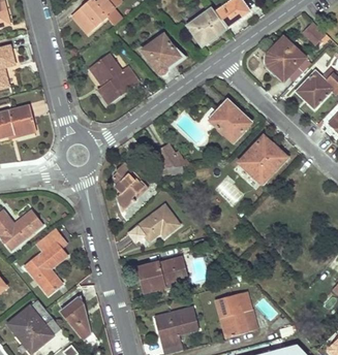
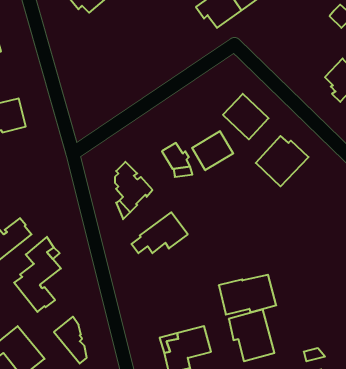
building: [142,33,180,73] -> none
building: [266,40,311,80] -> none
building: [93,53,139,103] -> none
building: none -> [192,131,233,170]
building: [136,257,187,292] -> [219,275,276,315]

